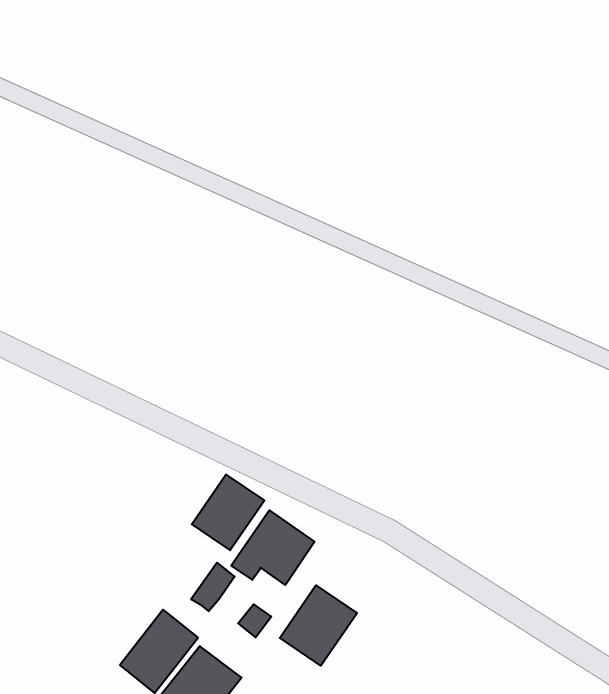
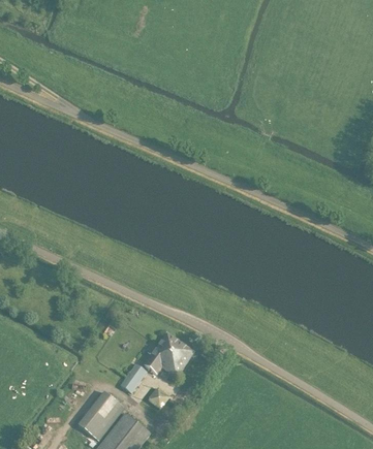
building: [192,474,264,550] -> none
building: [280,585,357,666] -> none

